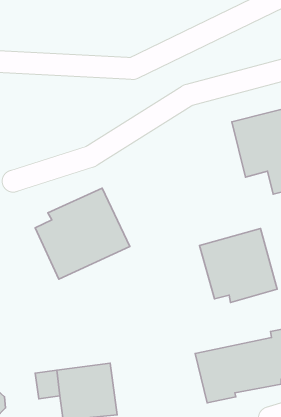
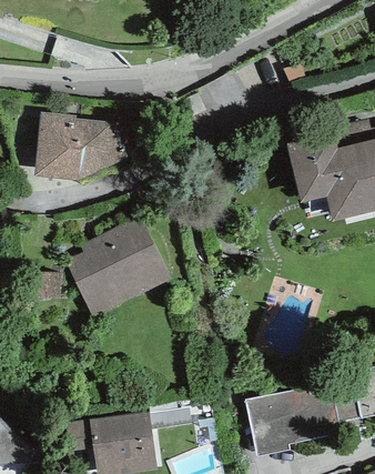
building: none -> [34,112,133,180]
building: [200,228,277,303] -> none

